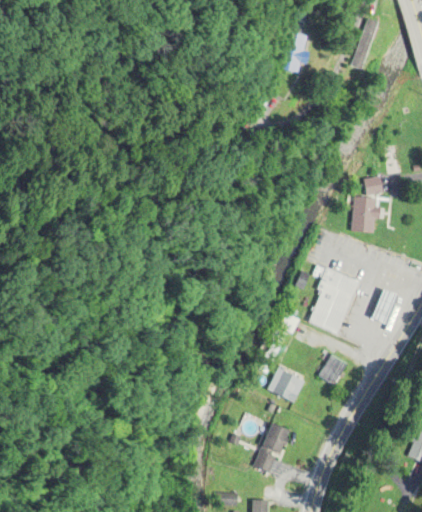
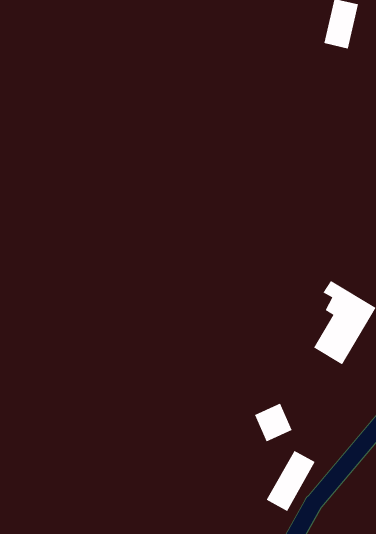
building: [318,355,347,387] -> none
building: [254,423,290,474] -> [266,450,316,512]

